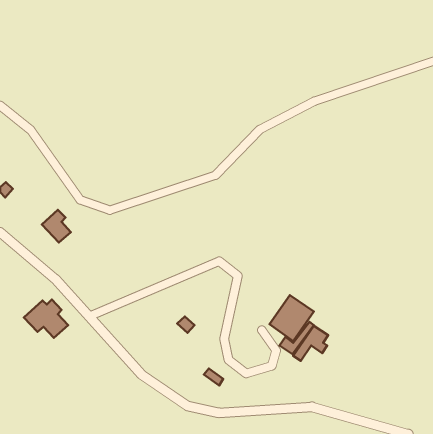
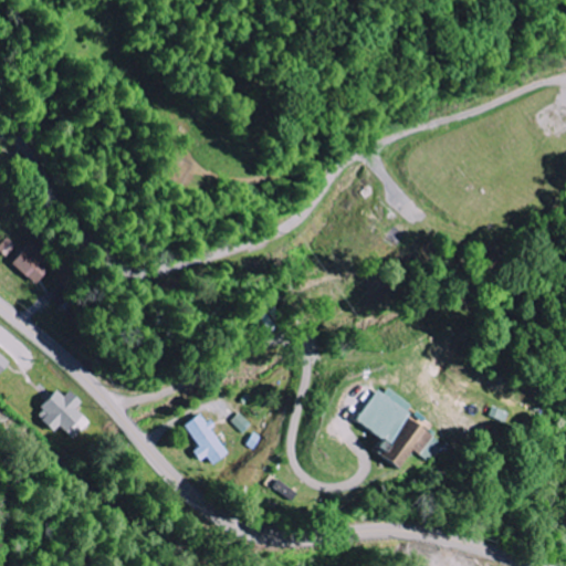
building: [42,210,71,242] -> [14,242,52,284]
building: none -> [184,411,230,464]

